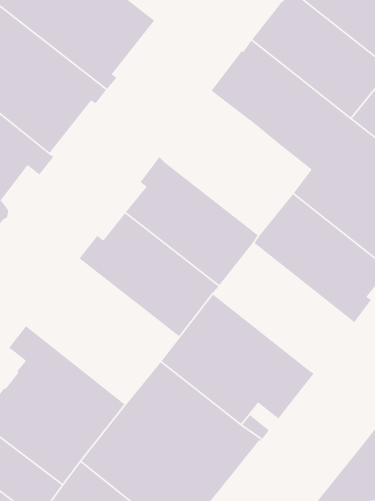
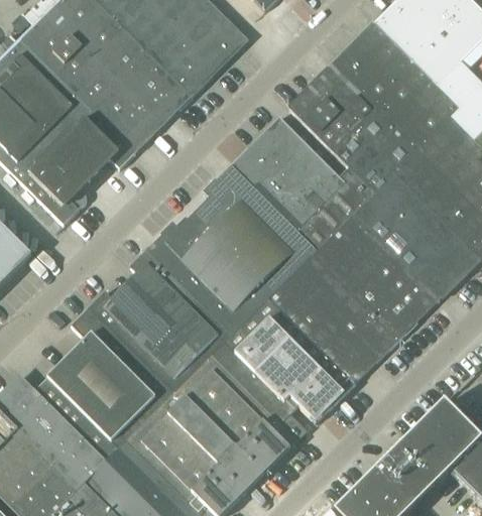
building: none -> [237,117,373,248]
building: none -> [268,255,397,380]
building: none -> [90,250,232,391]

